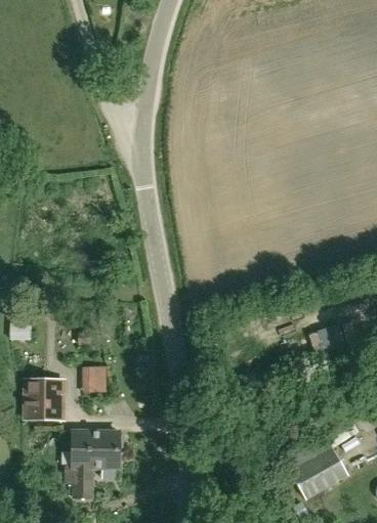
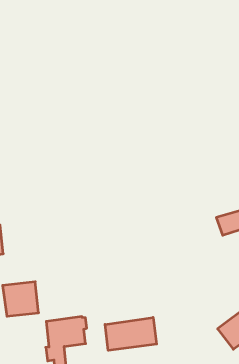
building: [81,366,107,395] -> none
building: none -> [105,317,157,350]

